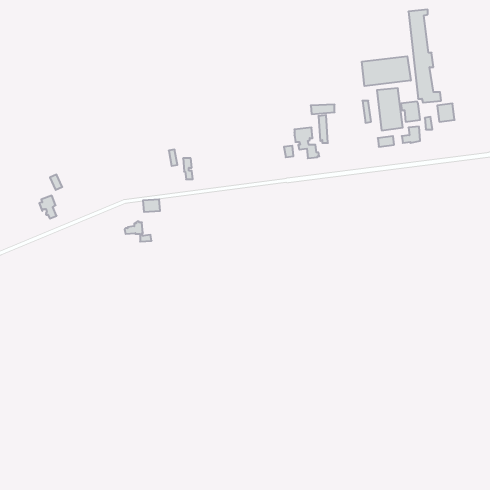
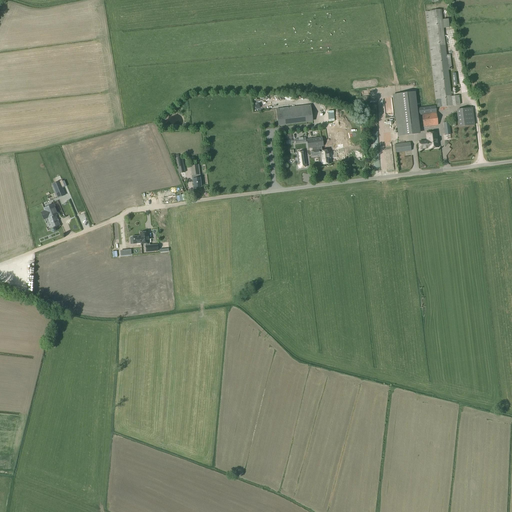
building: [362,56,411,86] -> none
building: none -> [276,104,312,126]

